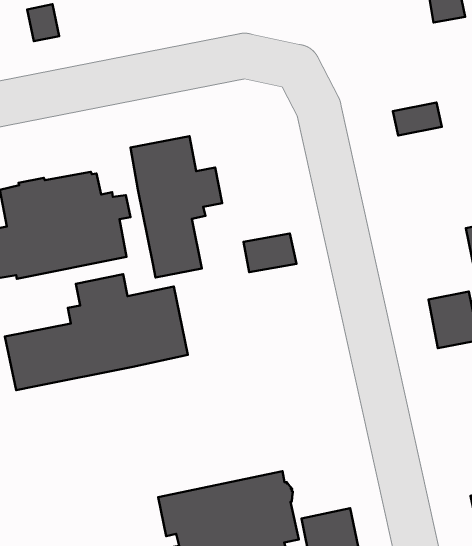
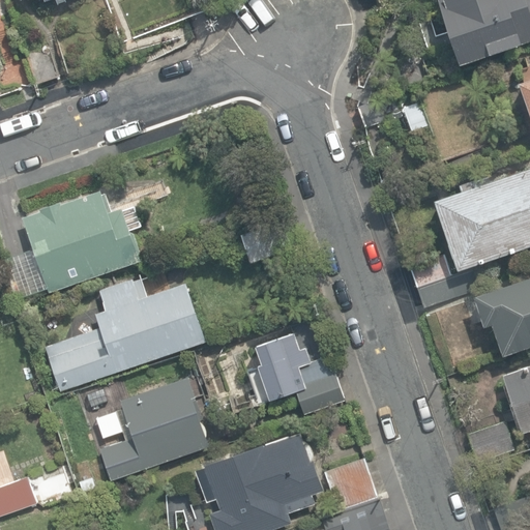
building: [131,136,222,277] -> none
building: none -> [257,334,345,414]
building: none -> [99,377,210,481]

